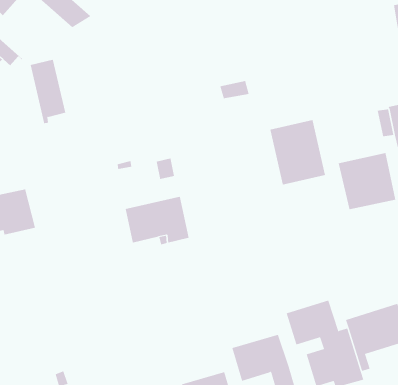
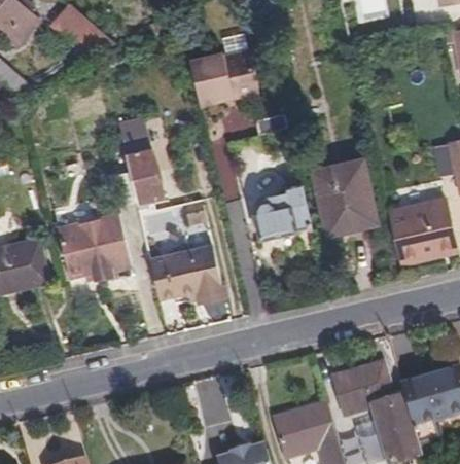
building: none -> [190,52,257,107]
building: [30,59,66,124] -> [123,136,165,209]
building: none -> [253,182,314,238]
building: none -> [59,216,131,282]

